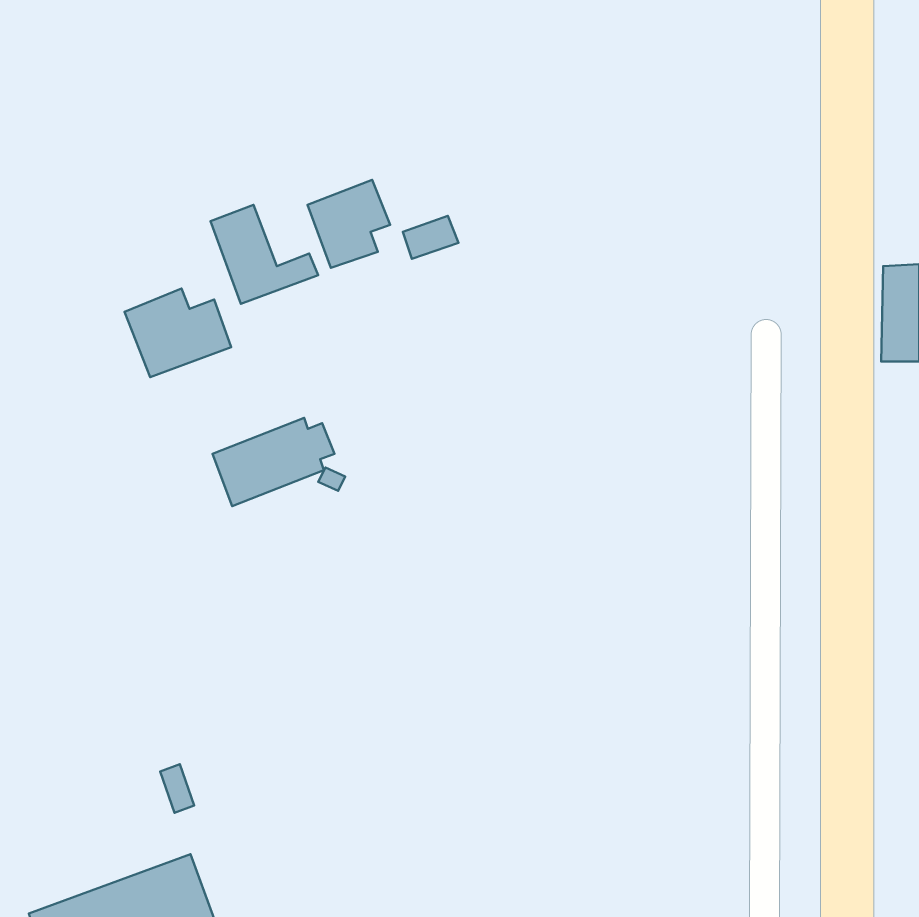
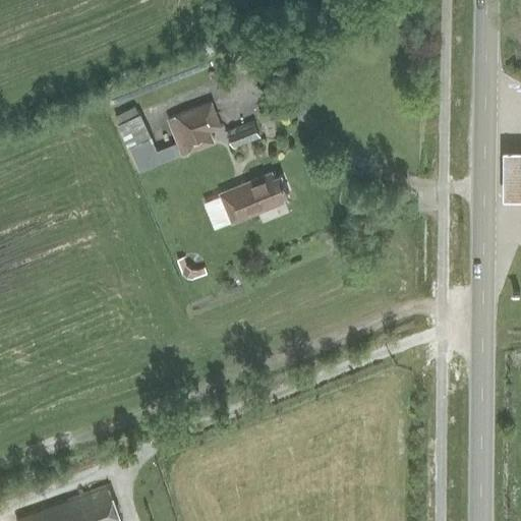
building: [124,289,231,377] -> none
building: [212,418,335,506] -> [220,173,289,223]

